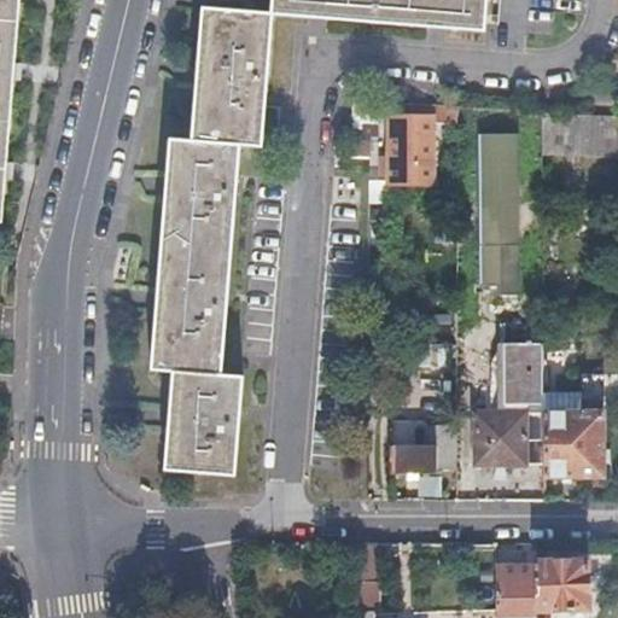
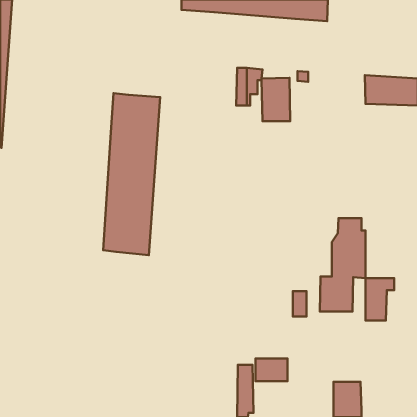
building: [191,8,269,146] -> none
building: [479,134,518,295] -> none
building: [167,372,243,474] -> none
building: [571,410,601,473] -> none
building: [386,437,433,471] -> [256,358,288,381]
building: [534,558,588,606] -> none

